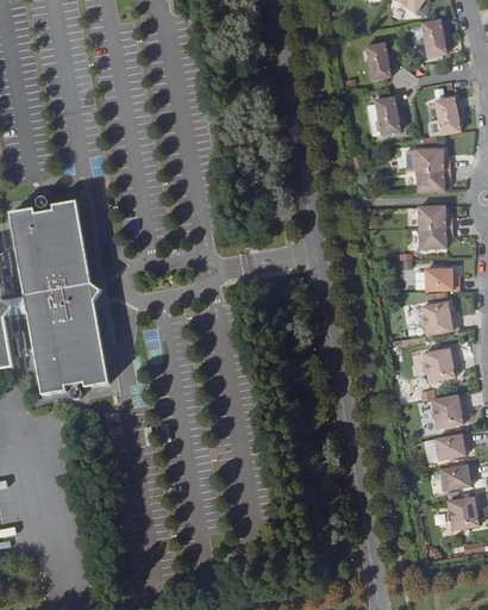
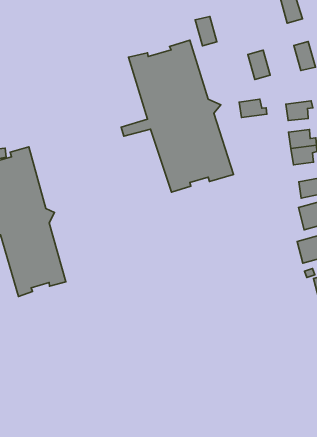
building: [363,44,388,81] -> [195,17,217,46]
building: none -> [121,40,234,192]
building: [414,149,449,170] -> [239,99,267,118]

